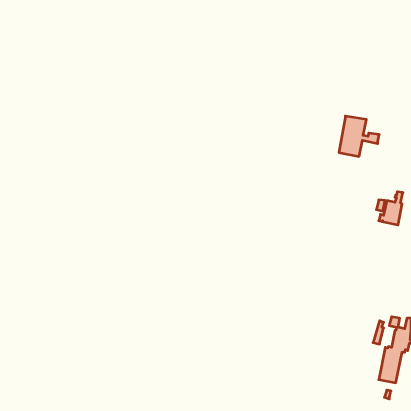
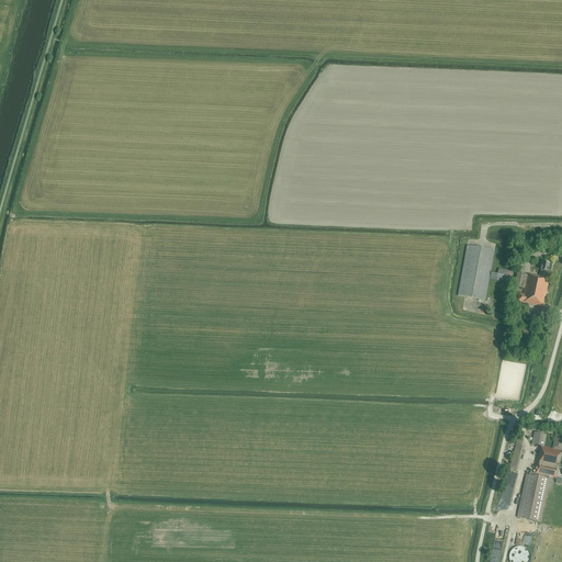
building: [339,116,379,156] -> [457,245,512,300]

